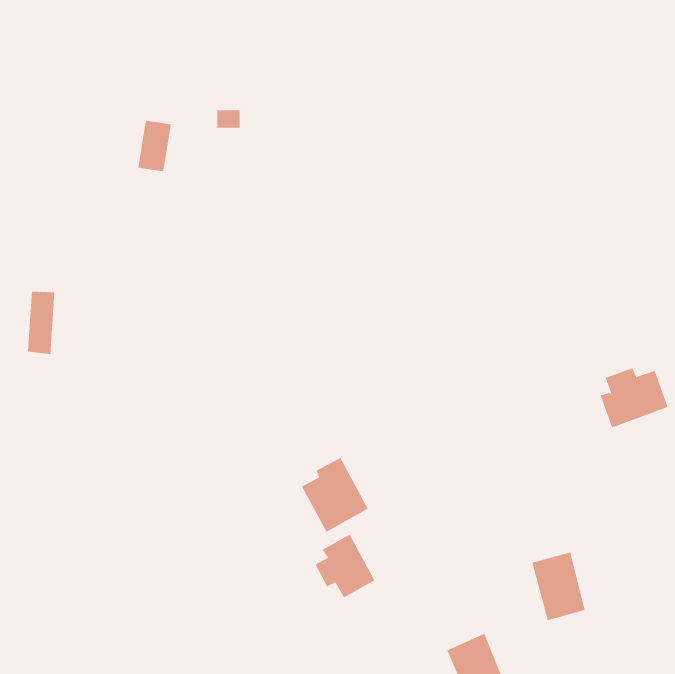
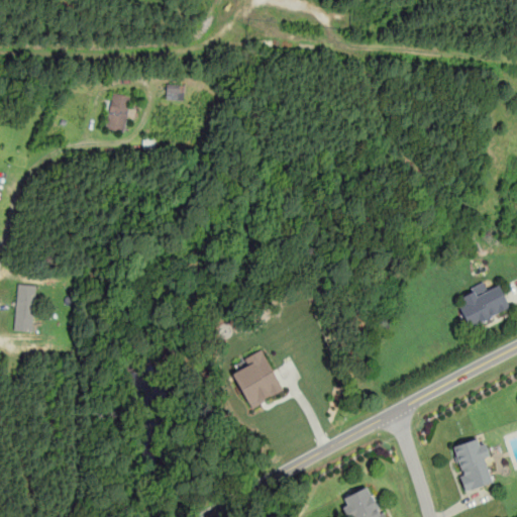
building: [27,291,55,354] -> [14,284,35,332]
building: [315,534,375,598] -> none
building: [531,552,585,621] -> [451,438,493,491]

